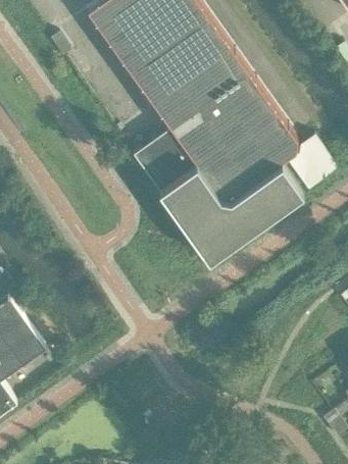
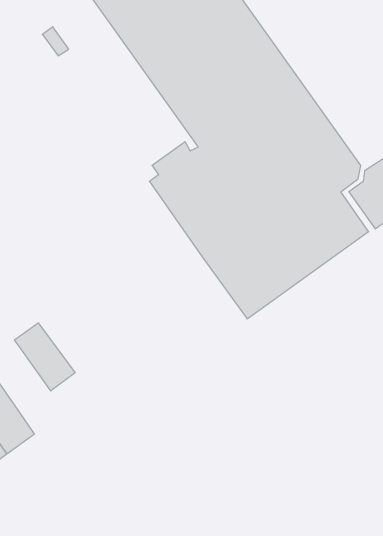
building: none -> [14,323,75,391]

